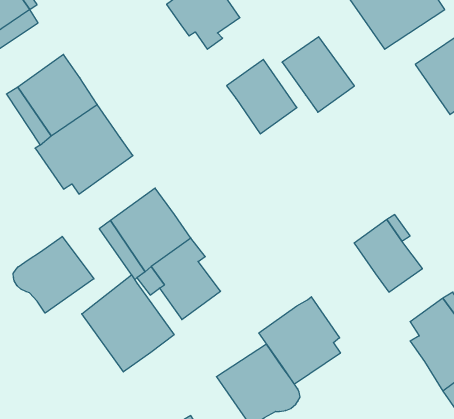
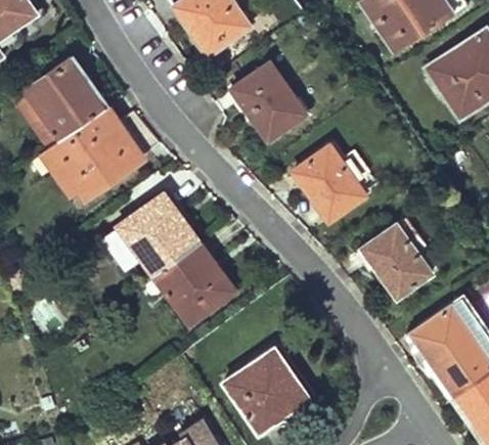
building: [282,37,354,112] -> [295,145,367,221]
building: [13,236,94,313] -> none
building: [82,275,174,372] -> none
building: [259,297,340,384] -> none

